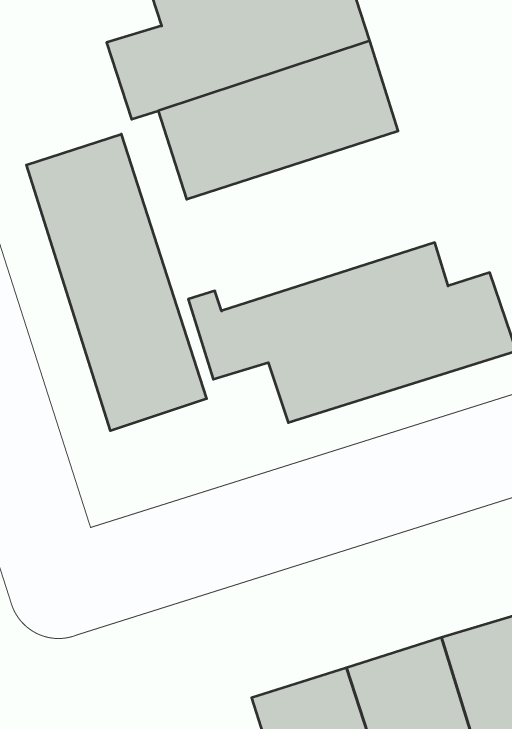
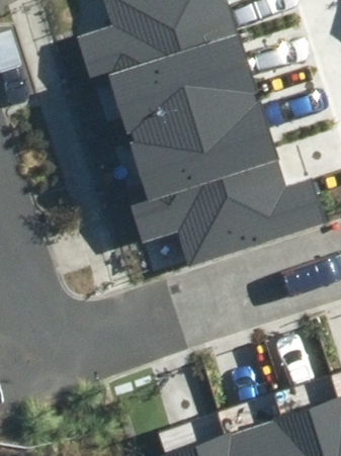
building: none -> [124,91,275,200]
building: [26,134,207,431] -> none

